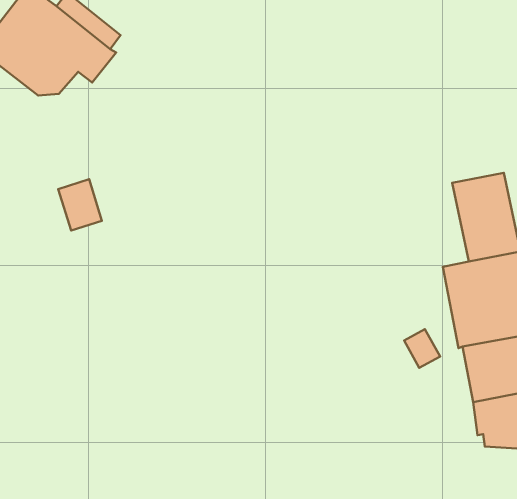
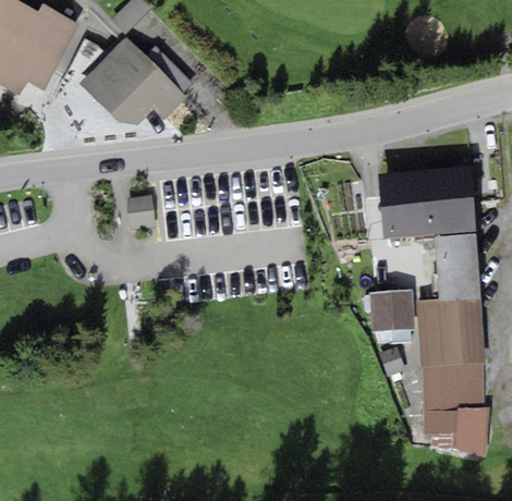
building: none -> [377,166,476,240]
building: none -> [368,290,414,343]

